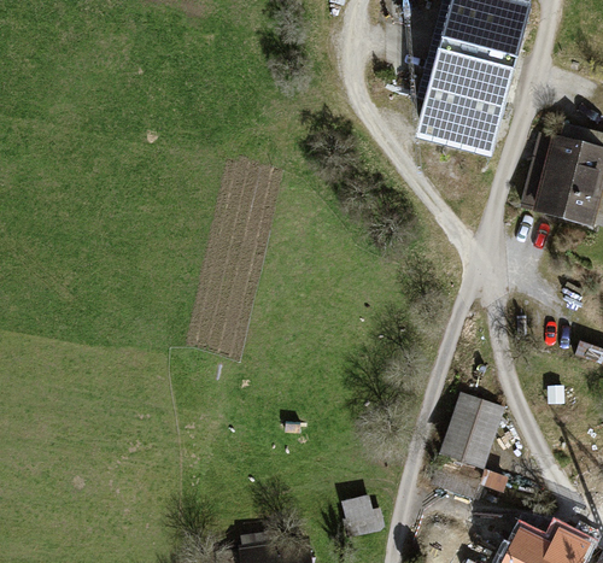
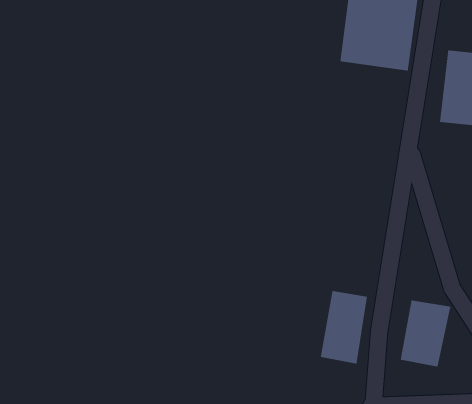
building: none -> [320,290,367,365]

